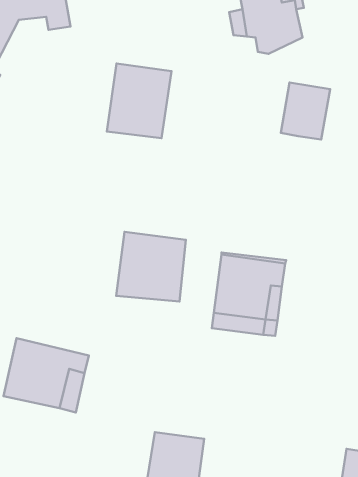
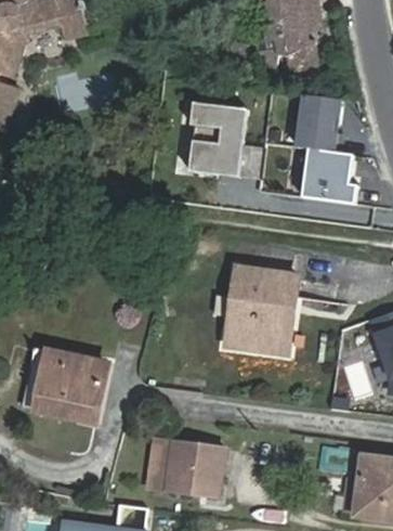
building: [107,64,171,138] -> [185,103,249,177]
building: none -> [304,147,364,205]
building: [116,232,186,302] -> none

